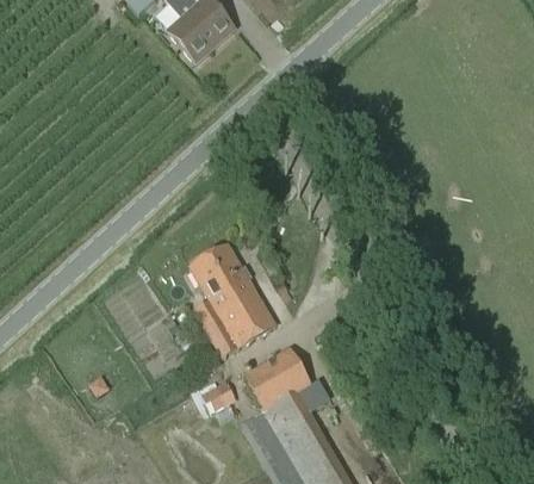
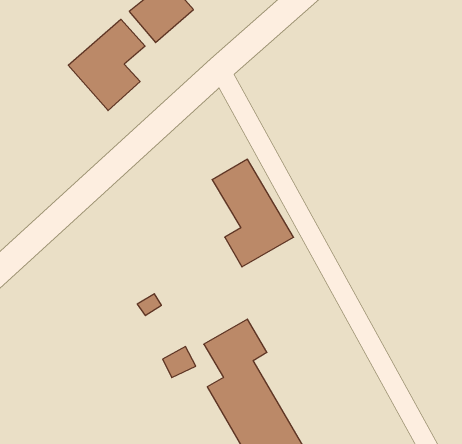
building: none -> [68,19,145,111]
building: [191,244,275,356] -> [212,159,294,267]

